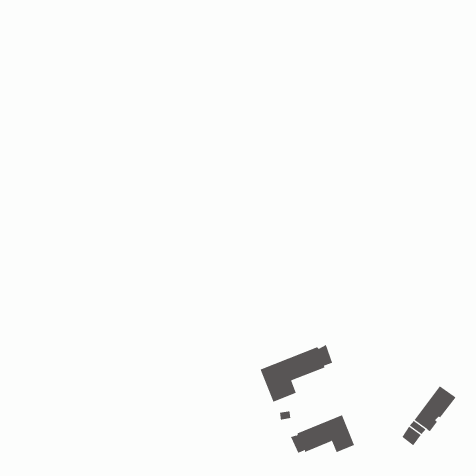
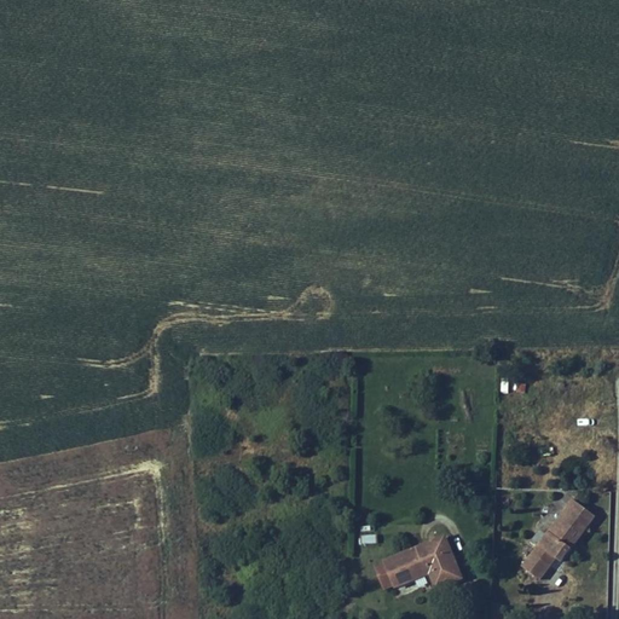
building: [260,344,333,402] -> none

